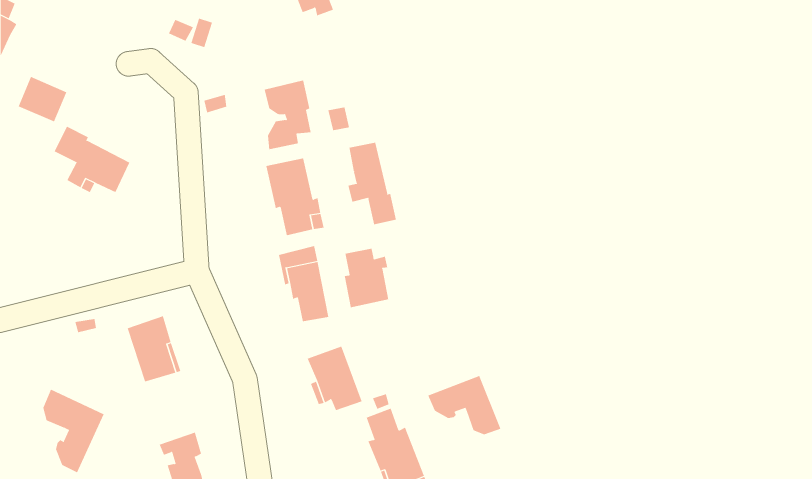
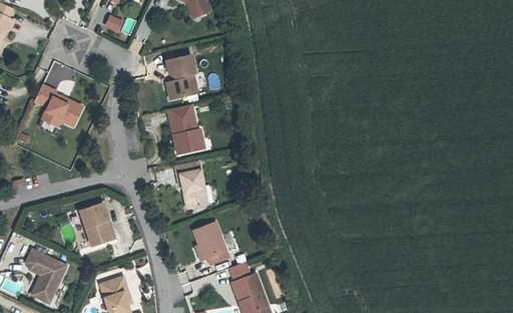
building: [18,76,67,122] -> [45,62,76,91]
building: [348,142,396,225] -> none
building: [344,248,389,308] -> none
building: [428,375,501,435] -> none

